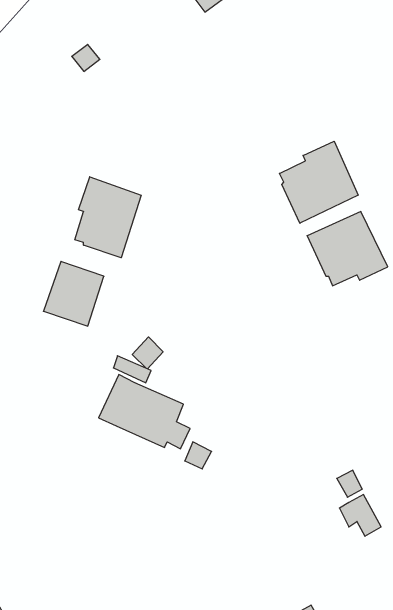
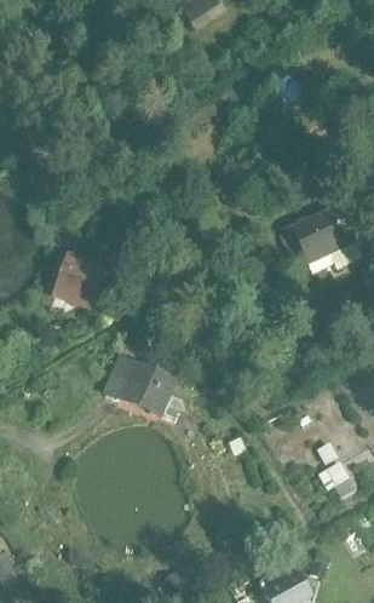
building: [279,141,358,223] -> none
building: [75,177,141,258] -> none

